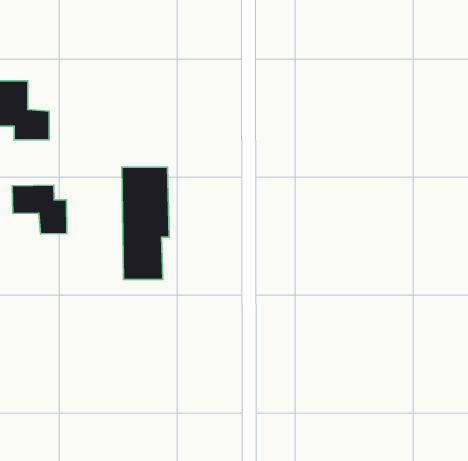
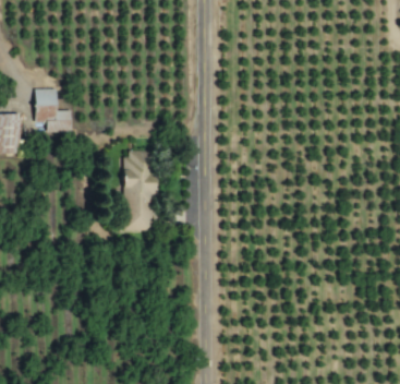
building: [12,185,67,234] -> none

